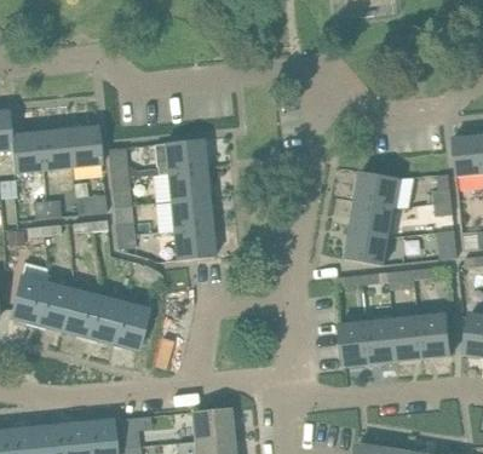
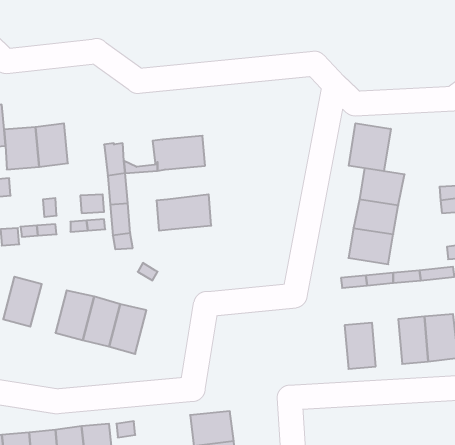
building: [68,125,102,166] -> none
building: none -> [349,123,391,171]
building: [166,168,208,201] -> none
building: [172,226,214,260] -> none
building: [35,283,70,331] -> none
building: [367,317,396,363] -> none

